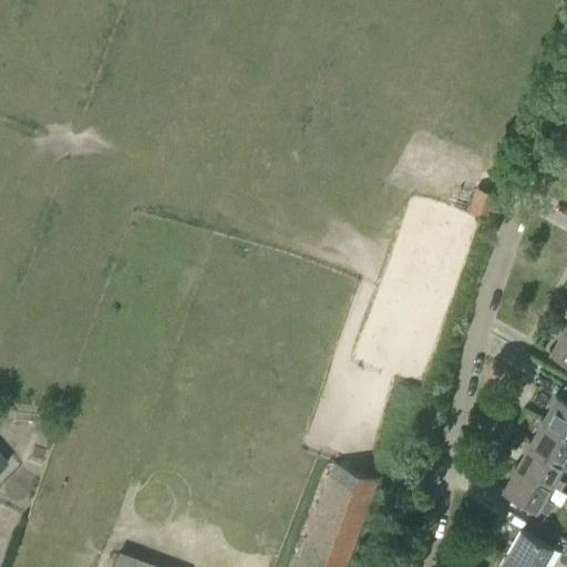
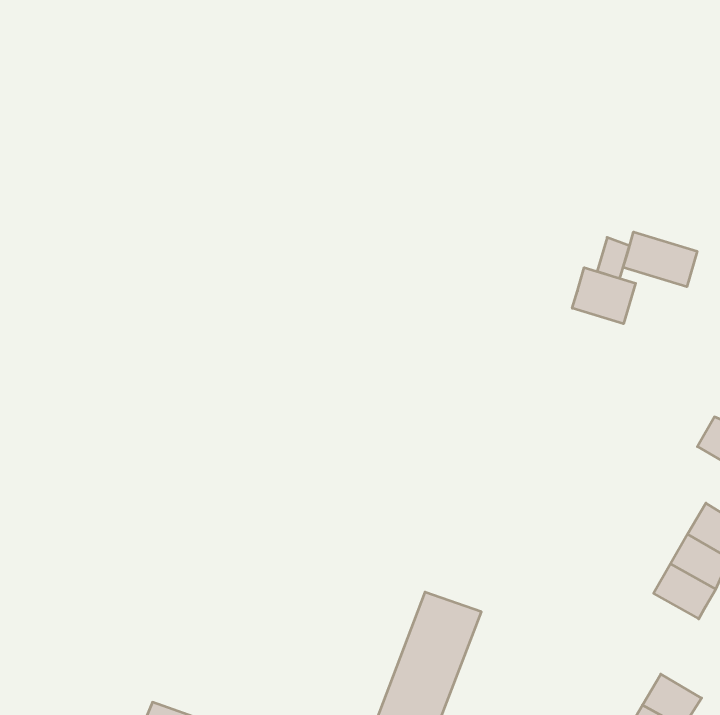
building: none -> [623,232,697,287]
building: none -> [572,268,636,324]
building: [501,471,554,519] -> none

